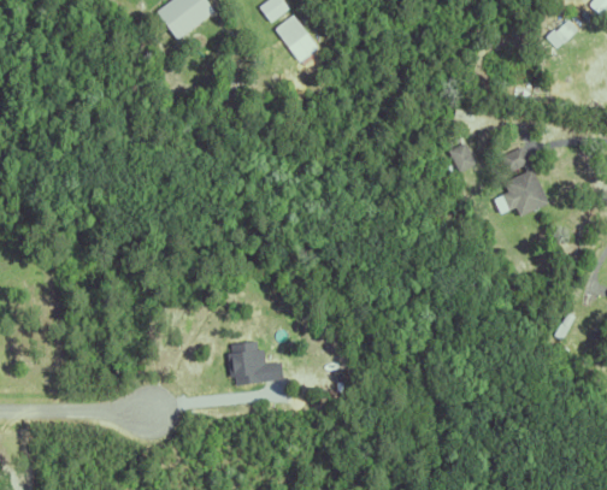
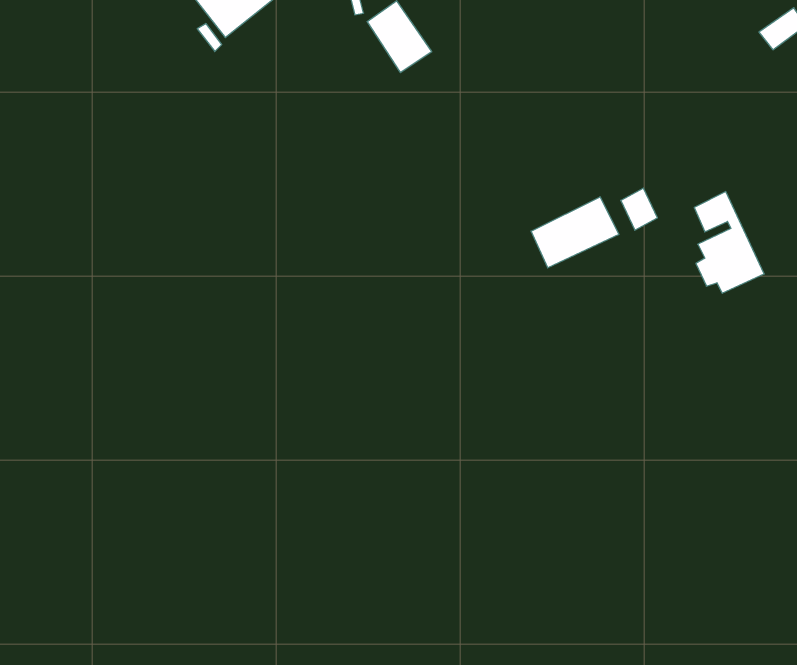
building: none -> [531,197,619,268]
building: [228,341,283,385] -> none

